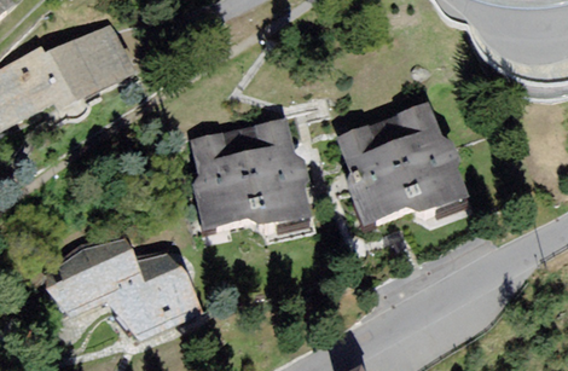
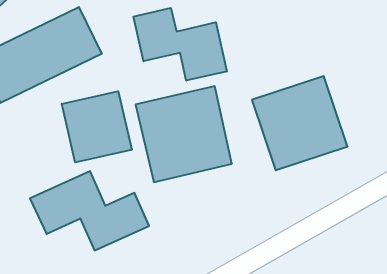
building: none -> [133,8,227,81]
building: none -> [62,91,132,162]

